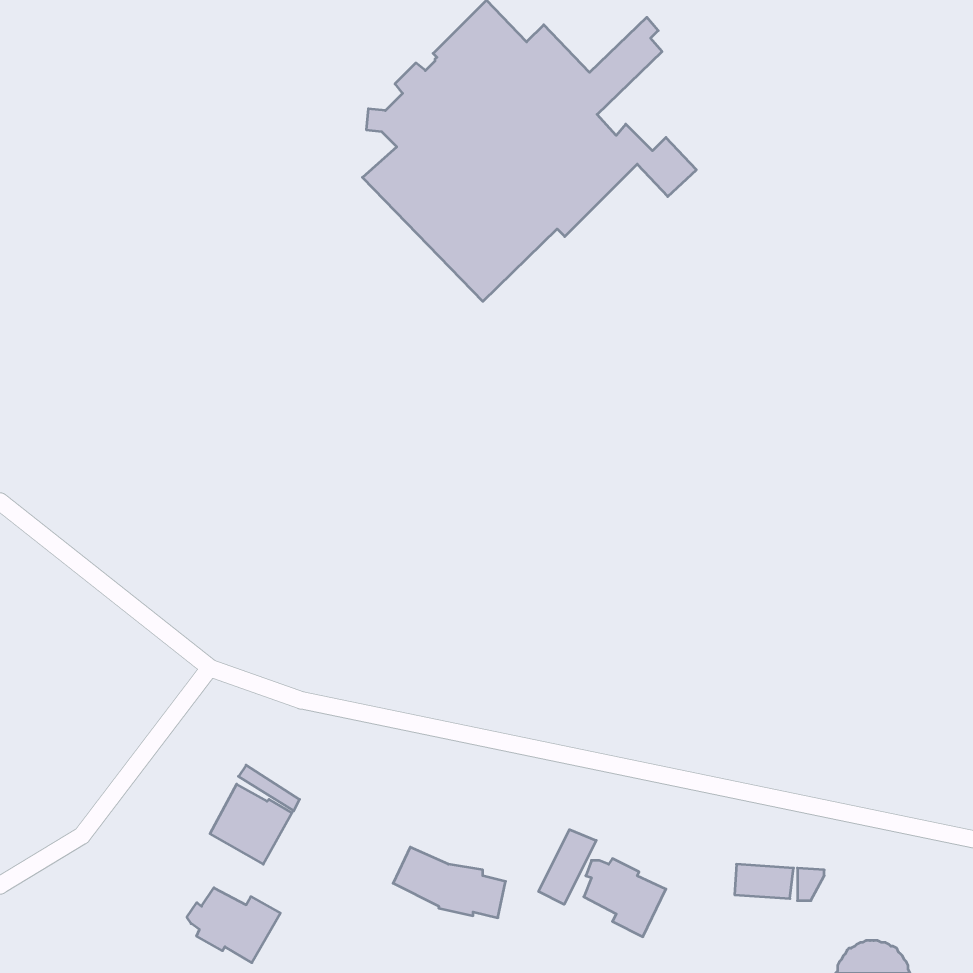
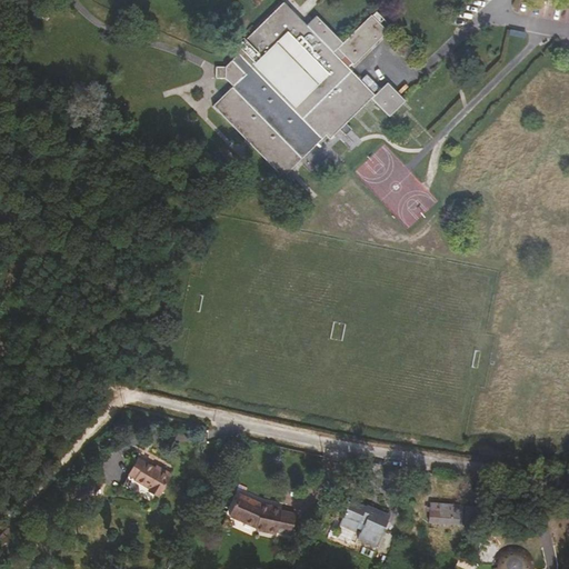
building: [539,830,596,904] -> none
building: [187,888,280,963] -> none

